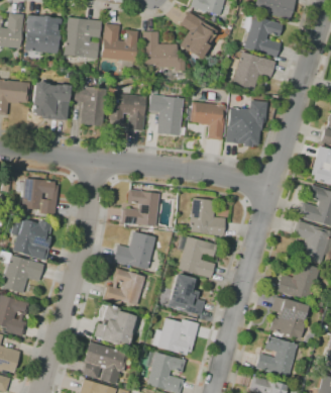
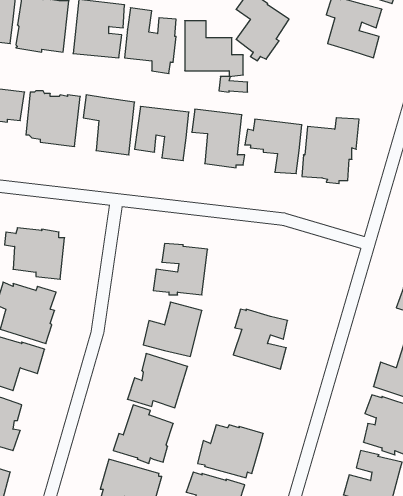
building: [229,51,275,91] -> none
building: [189,198,226,236] -> none
building: [168,274,205,316] -> none

